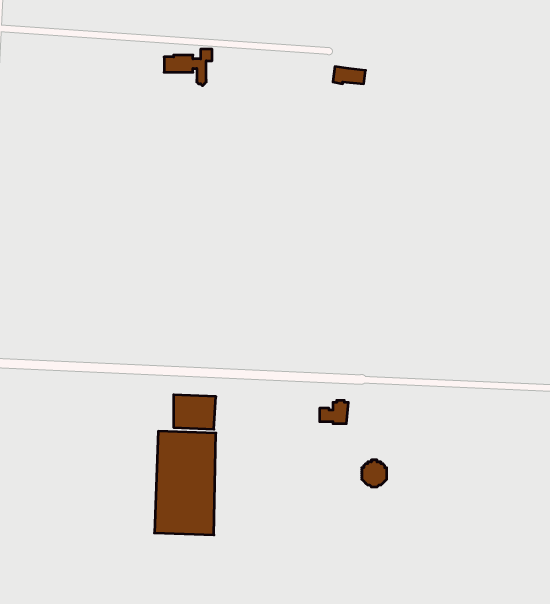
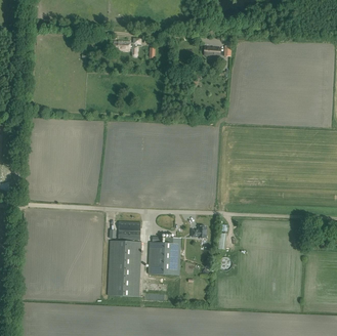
building: none -> [148,237,180,275]

